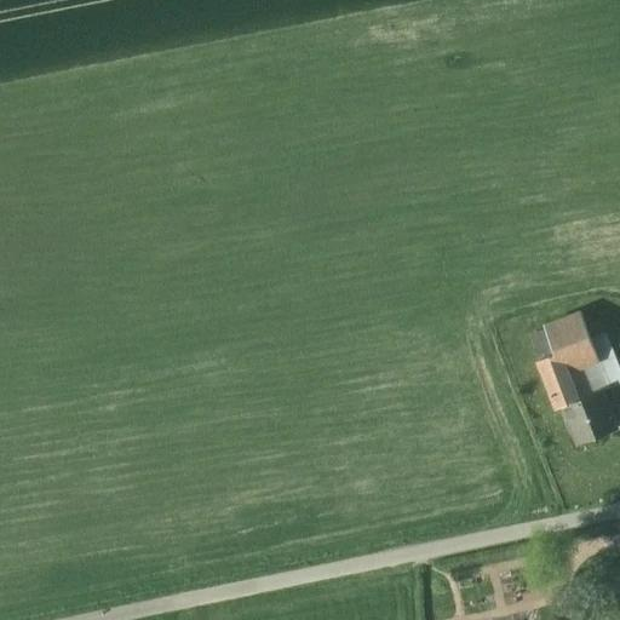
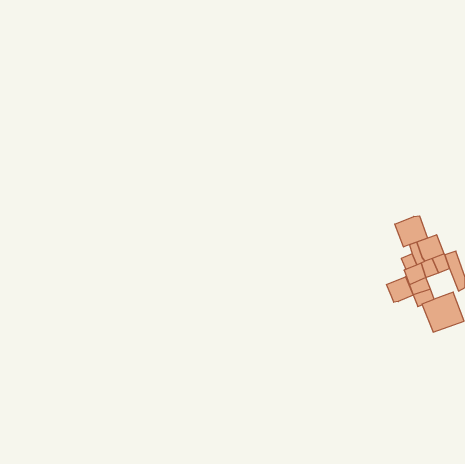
building: none -> [395,216,428,247]
building: none -> [387,277,413,302]

